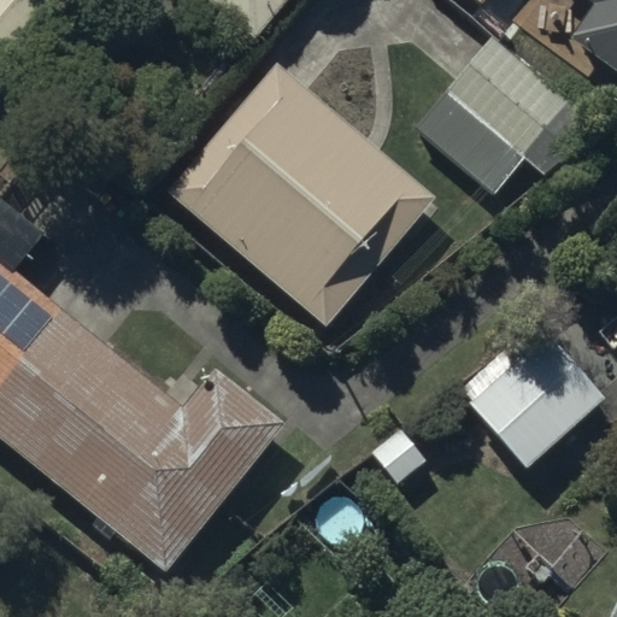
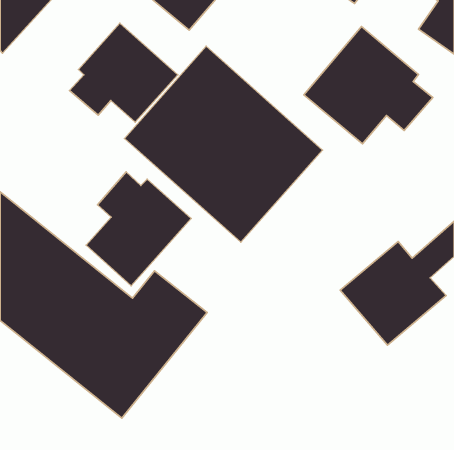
building: none -> [70,23,178,122]
building: none -> [86,172,191,286]

